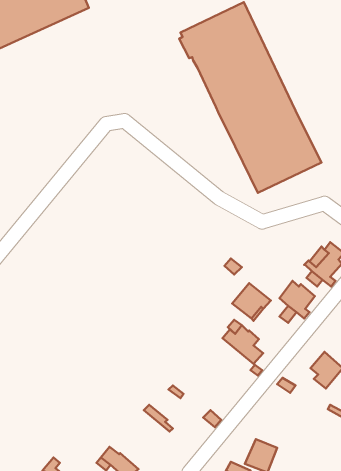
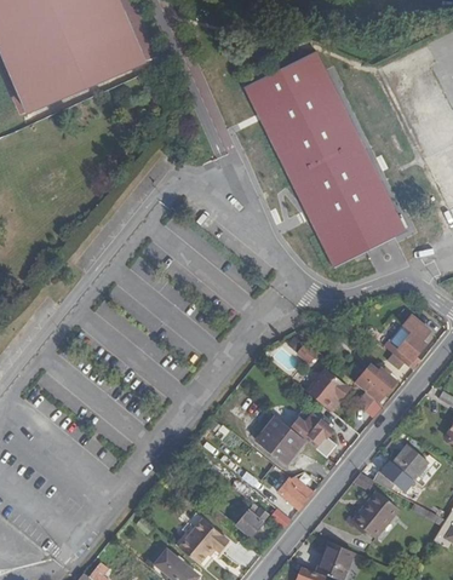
building: none -> [256,414,306,465]
building: none -> [279,476,314,509]
building: none -> [352,492,398,539]
building: none -> [235,504,268,538]
building: none -> [180,519,230,564]

